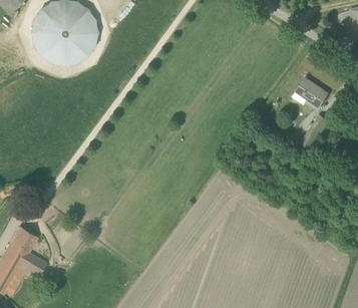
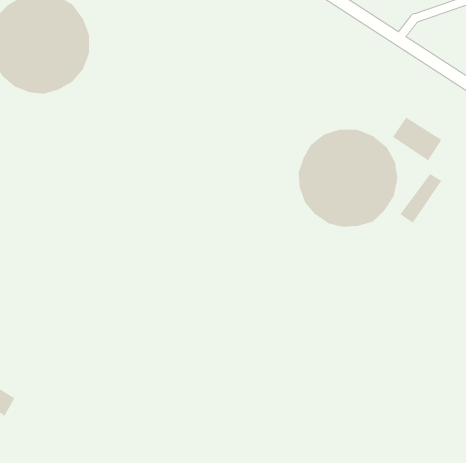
building: none -> [298,129,398,227]

